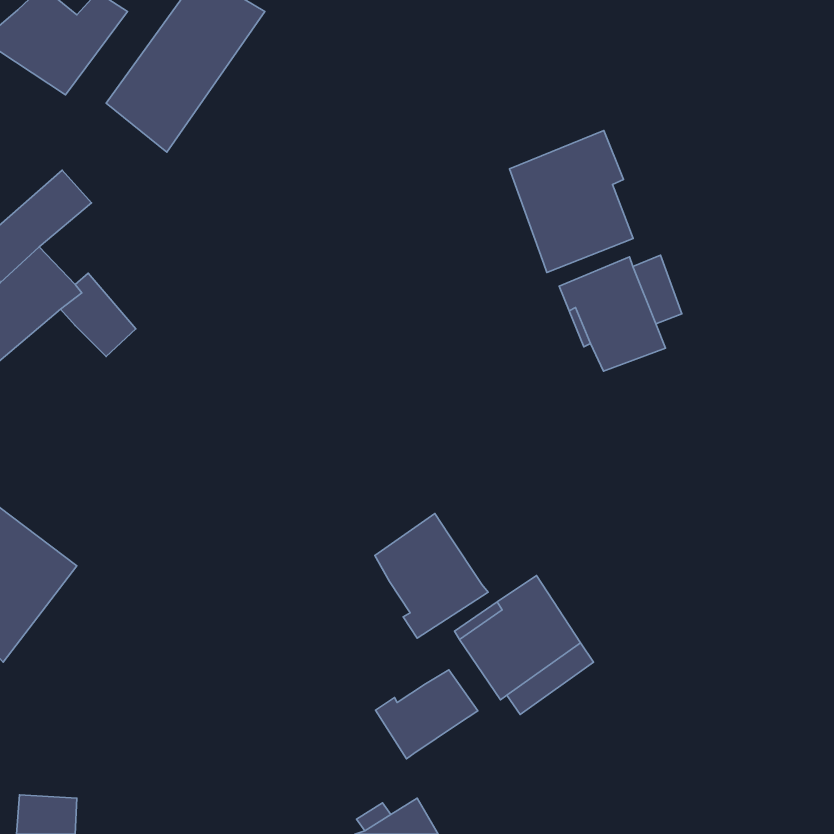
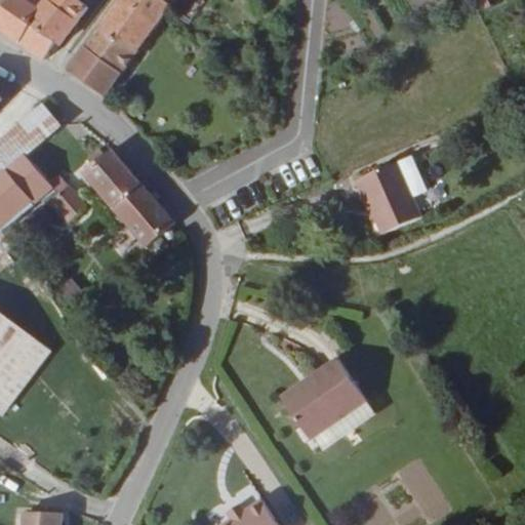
building: [509,130,633,273] -> none
building: none -> [82,147,174,246]
building: [375,513,488,638] -> none
building: [375,670,478,759] -> none

